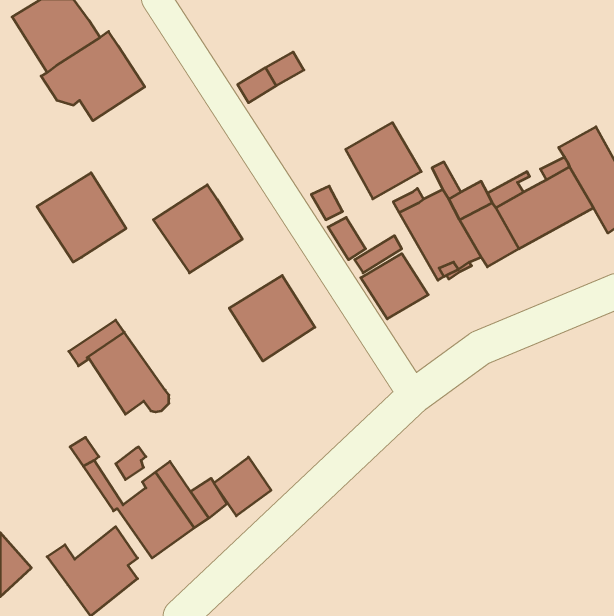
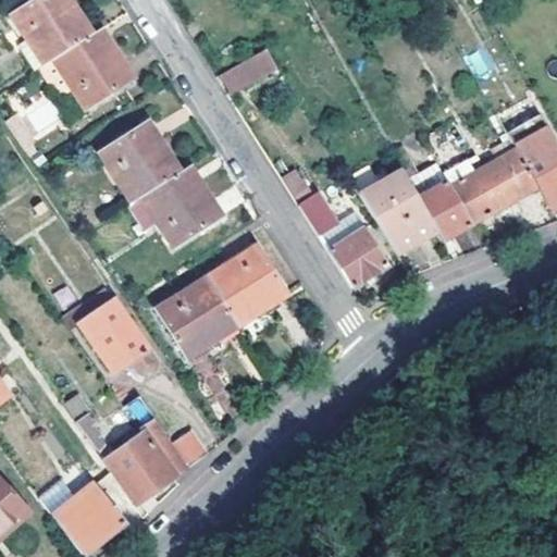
building: [346,123,421,199] -> none
building: [37,173,126,262] -> [100,122,181,202]
building: none -> [159,277,239,358]
building: [214,457,271,516] -> none

